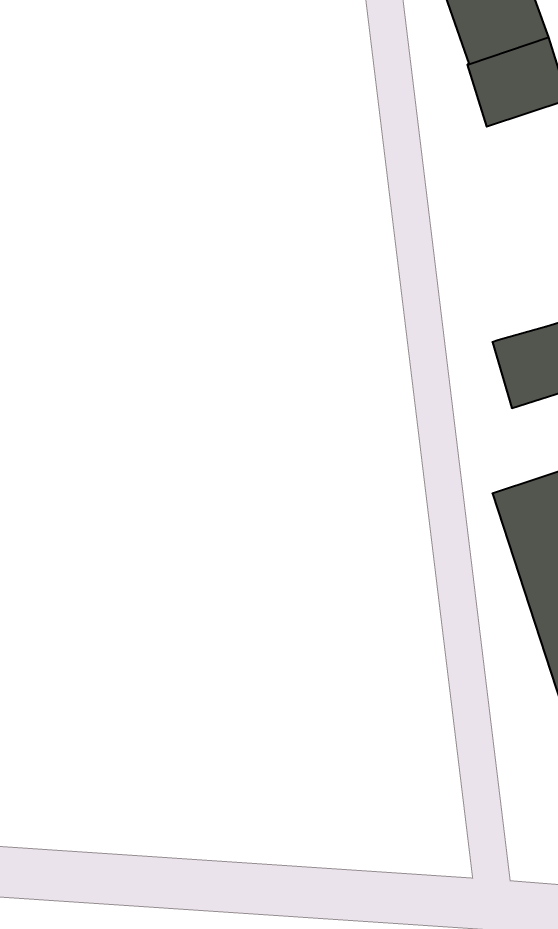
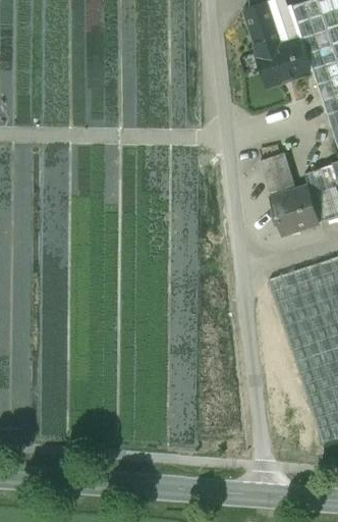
building: none -> [262,154,298,199]

